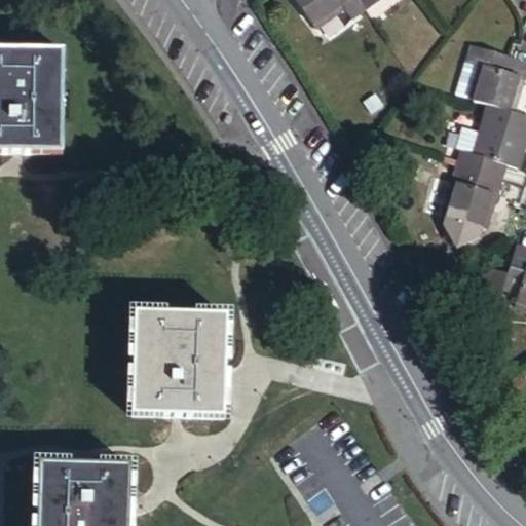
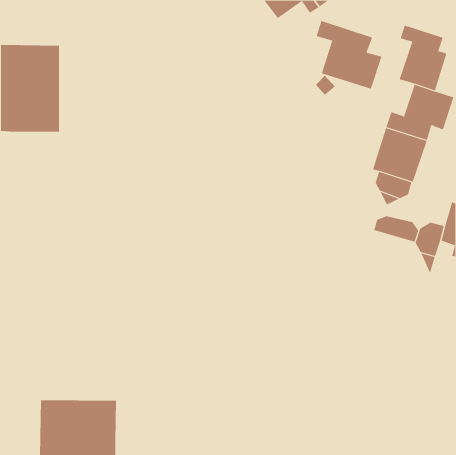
building: none -> [316,20,382,90]
building: none -> [373,215,419,243]
building: [129,305,230,419] -> none

